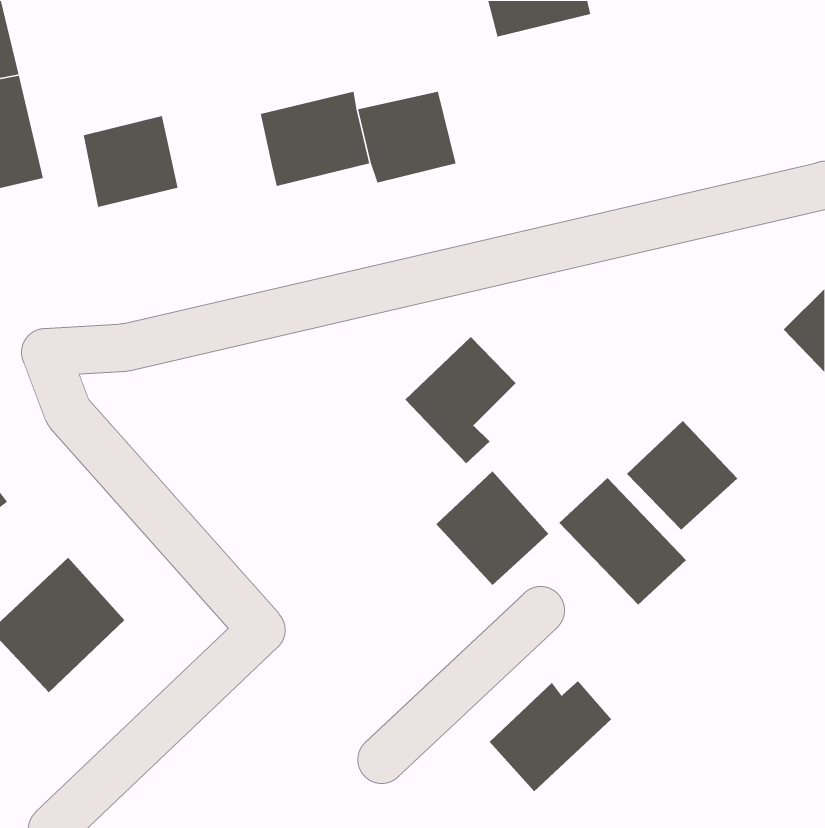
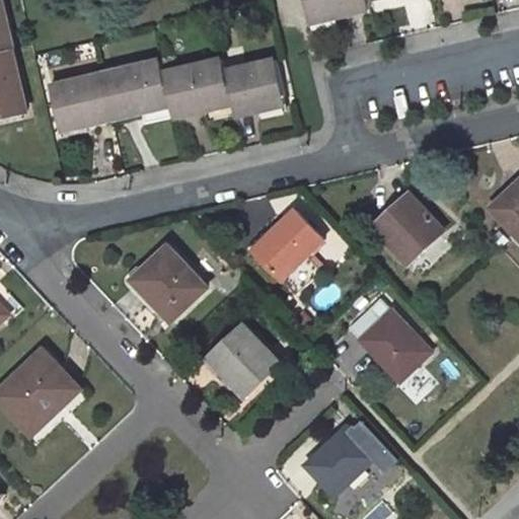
building: none -> [101,60,169,119]
building: none -> [131,245,207,321]
building: [626,420,738,531] -> [372,194,442,263]
building: [436,471,549,586] -> [208,324,279,396]

